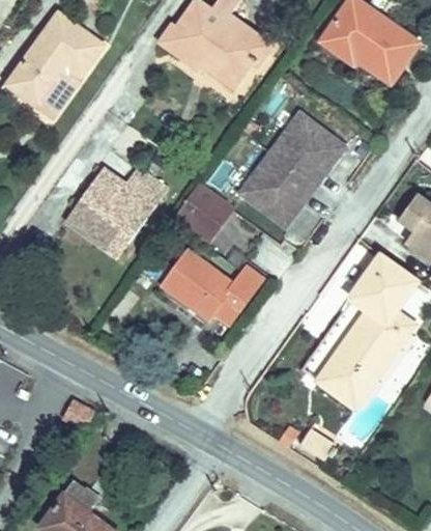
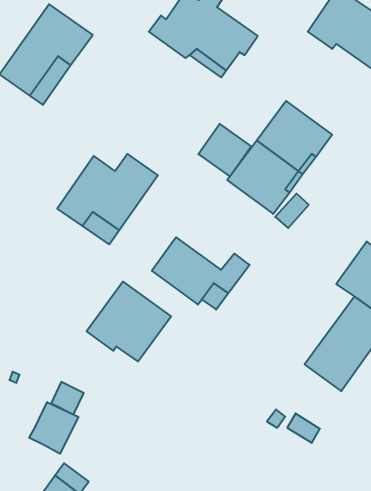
building: [175,184,229,237] -> [198,124,251,177]
building: none -> [87,282,171,361]
building: none -> [29,402,78,454]

